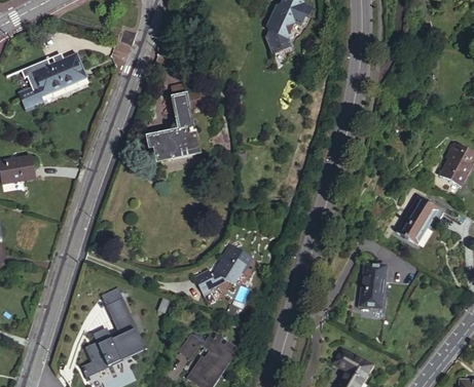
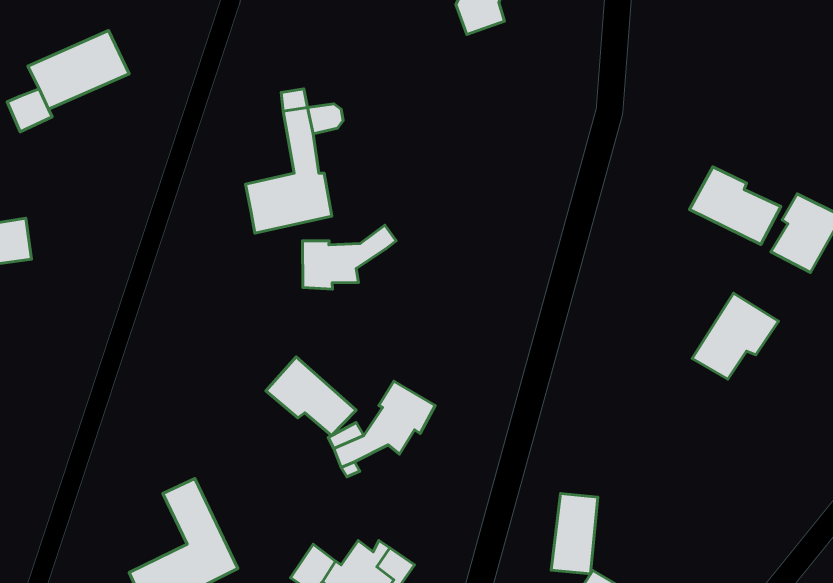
building: none -> [689,167,781,245]
building: none -> [302,225,396,289]
building: none -> [266,357,356,436]
building: [359,263,385,307] -> [551,493,598,574]

